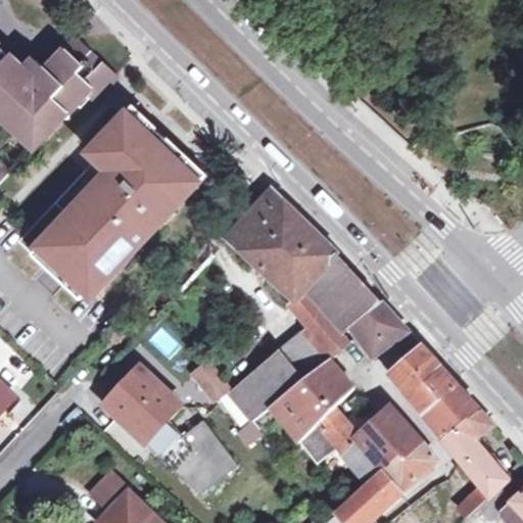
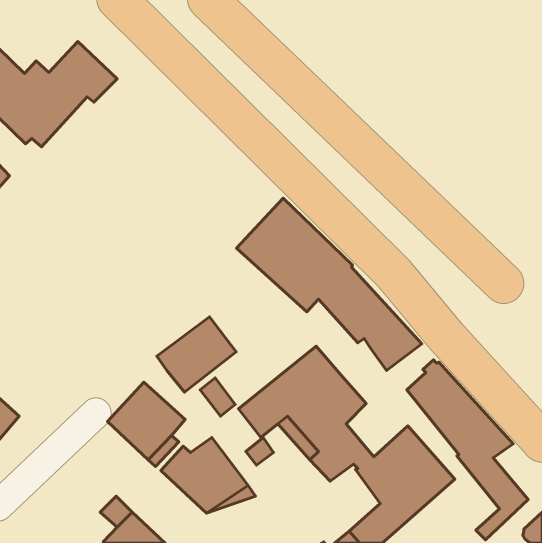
building: [16,105,205,297] -> none
building: [287,287,355,360] -> none
building: none -> [157,317,236,392]

